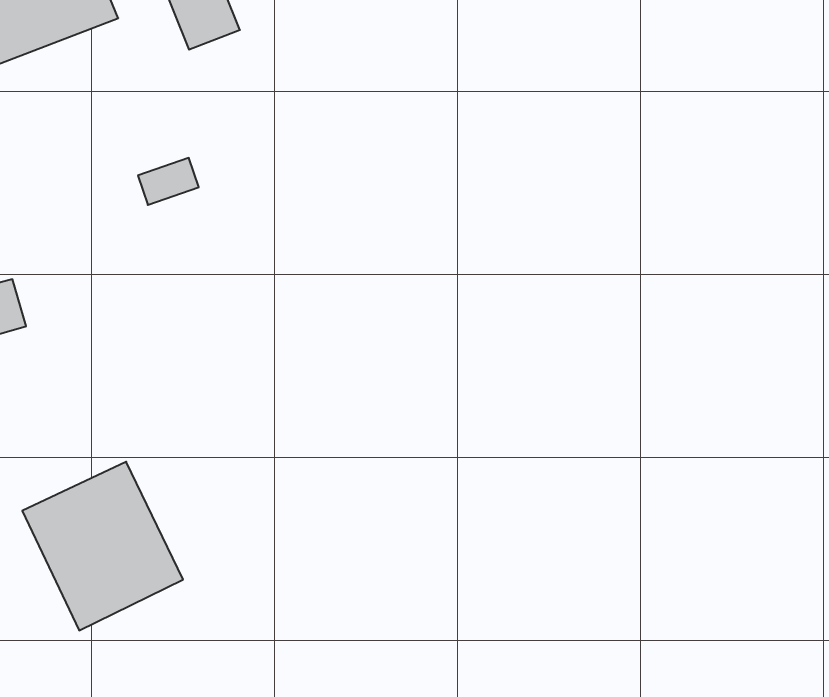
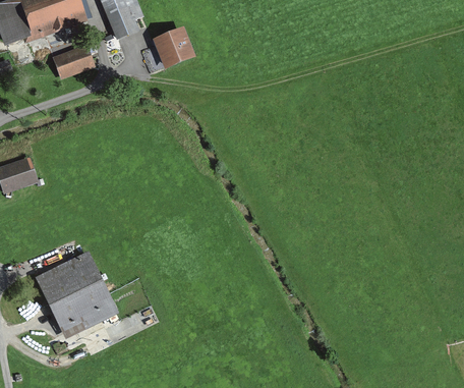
building: none -> [155,26,190,63]
building: [138,158,199,205] -> [54,52,85,76]

